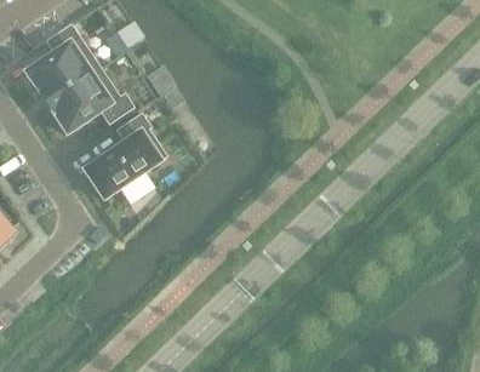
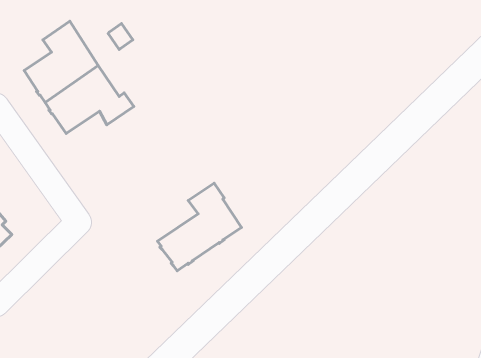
building: [84,114,166,200] -> [158,183,241,271]

